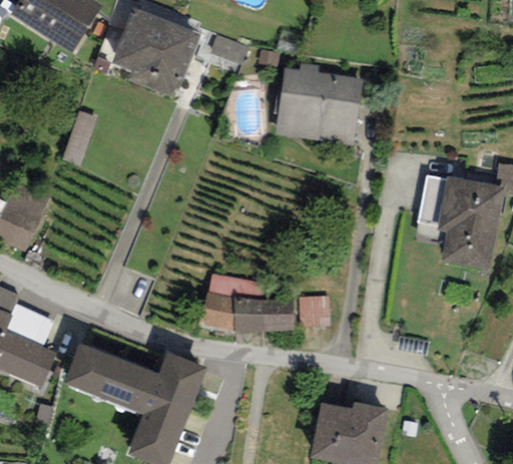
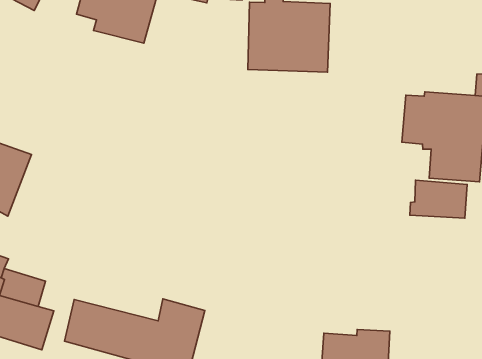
building: [60,109,98,165] -> none
building: none -> [410,180,467,218]
building: [198,274,293,333] -> none
building: [299,297,329,328] -> none

